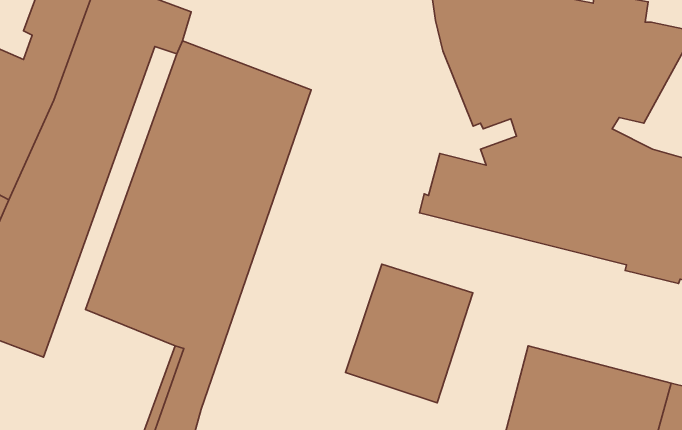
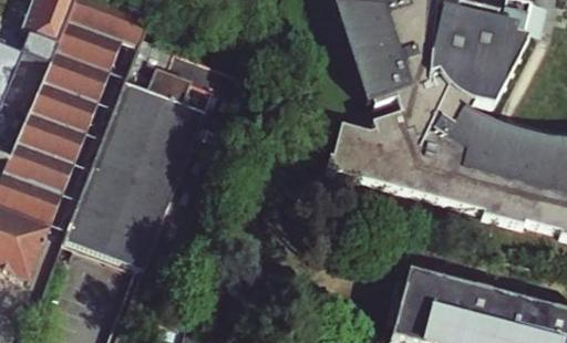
building: [345,264,473,403] -> none

